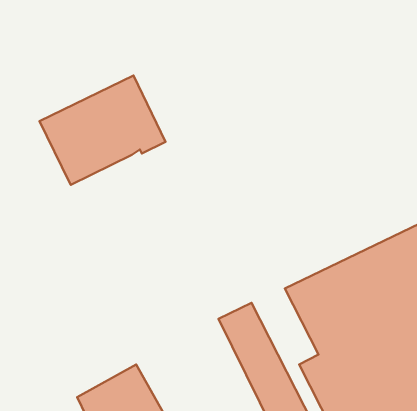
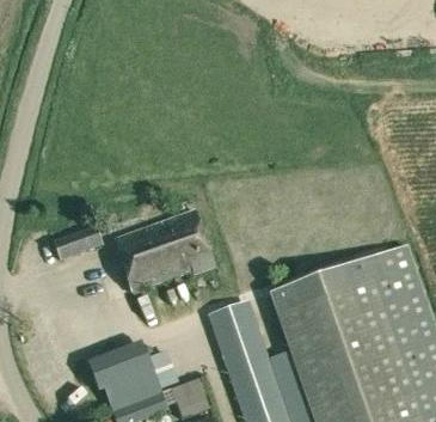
building: [39,75,165,185] -> [115,208,215,290]
building: none -> [54,222,104,258]

